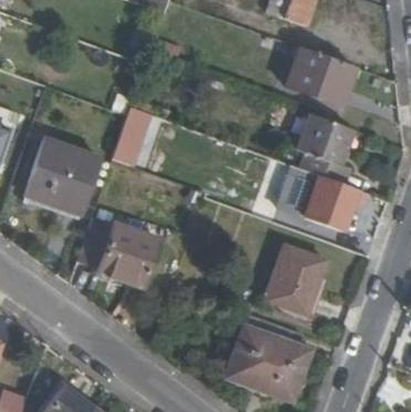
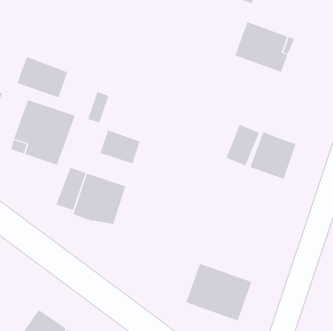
building: none -> [17,56,68,98]
building: [296,113,355,185] -> none
building: none -> [100,129,140,164]
building: [265,244,329,315] -> none

